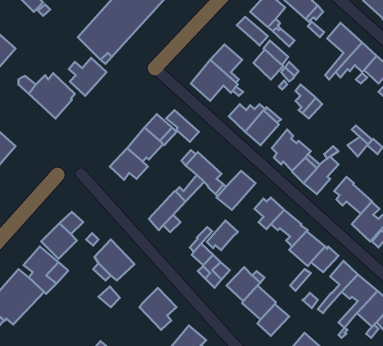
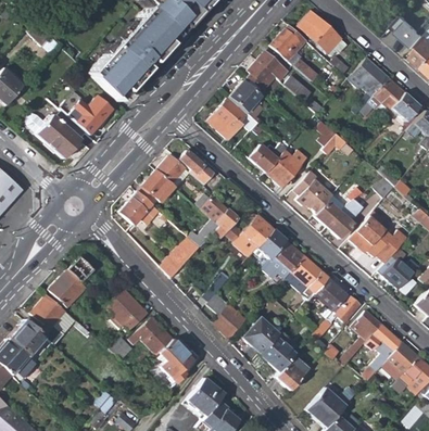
building: [253,50,283,79] -> [243,60,275,91]
building: [207,220,238,250] -> [255,227,288,258]
building: none -> [128,317,172,354]

